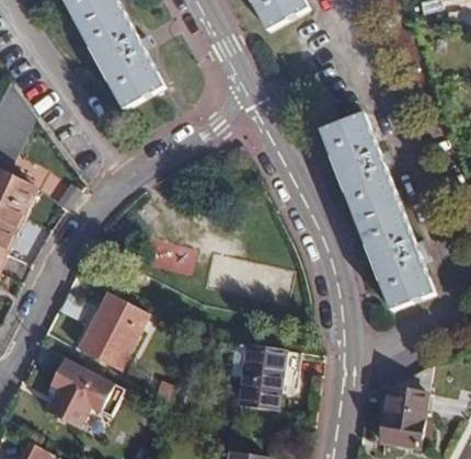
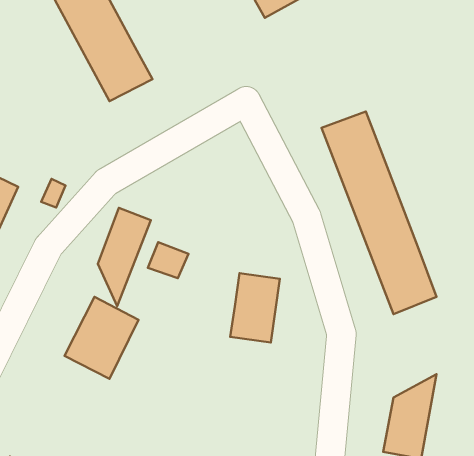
building: none -> [98,208,151,306]
building: [239,345,286,411] -> [230,273,280,343]
building: [46,362,108,429] -> none

